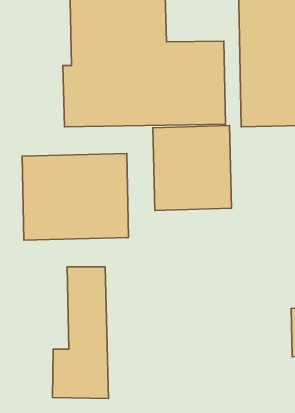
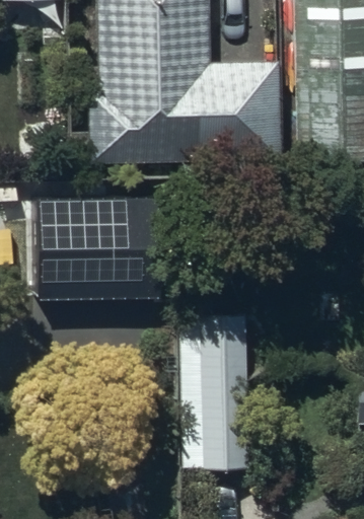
building: [153,126,232,210] -> none
building: [52,267,109,398] -> [181,316,247,470]

